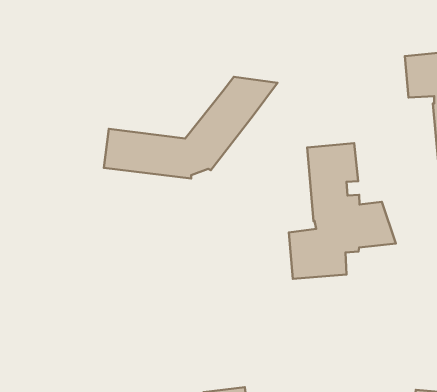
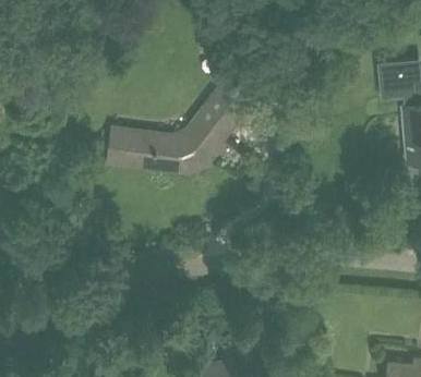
building: [289,143,396,279] -> none

